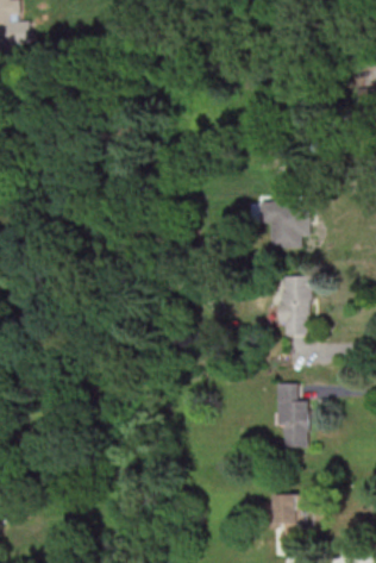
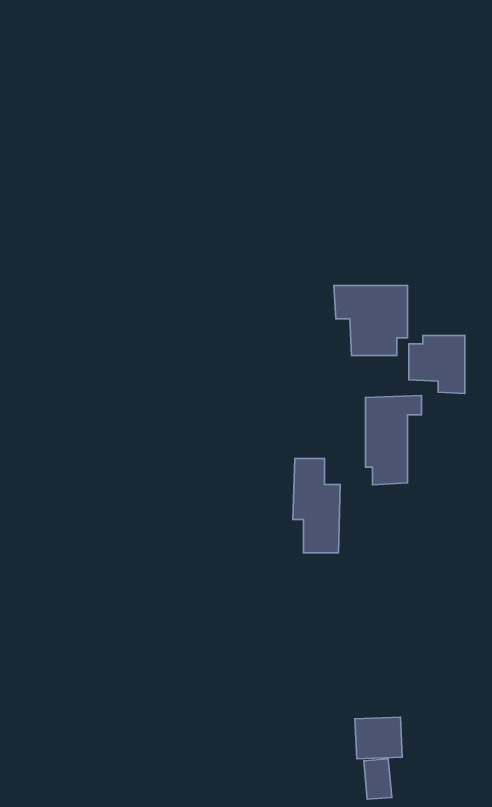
building: none -> [409,336,465,394]
building: [276,384,308,449] -> [293,458,340,553]

